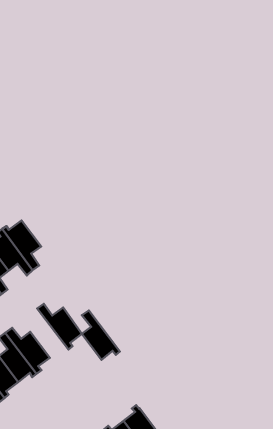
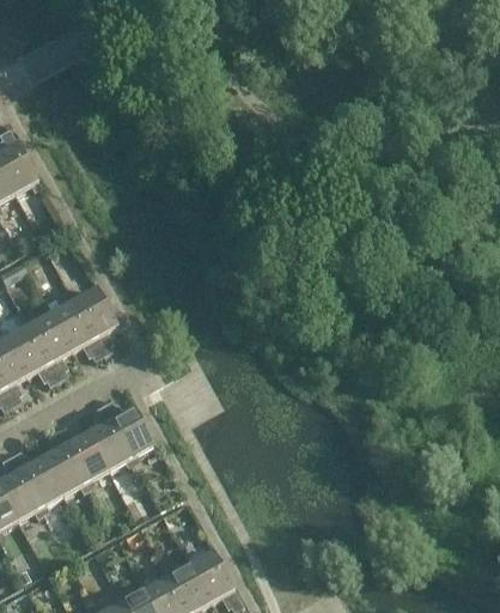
building: [82,310,120,360] -> [87,403,133,469]

